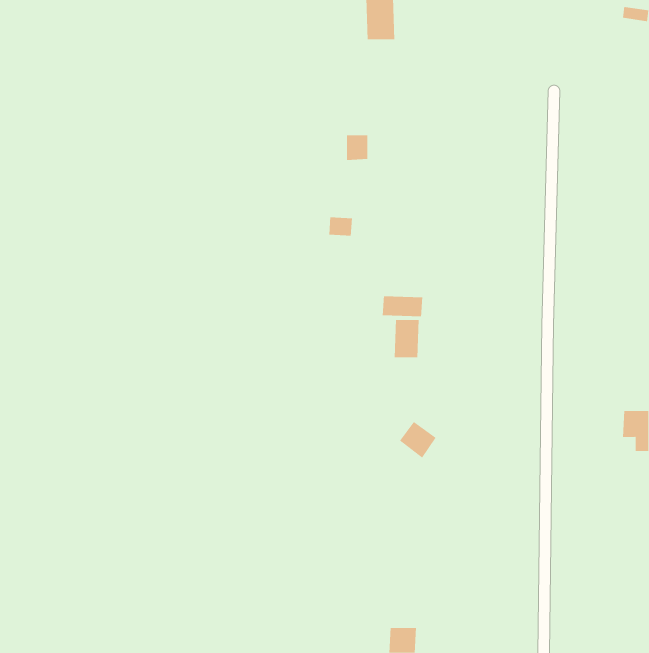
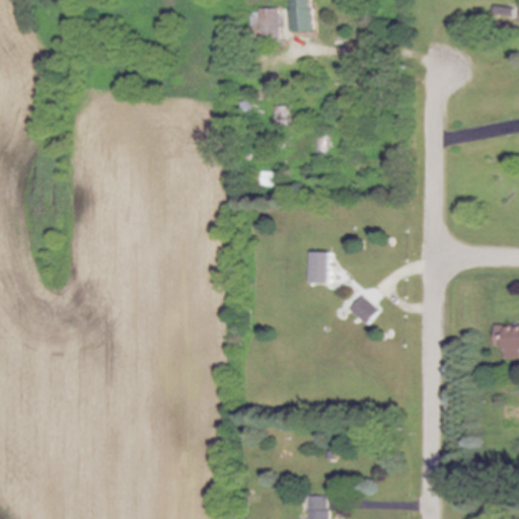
building: none -> [248,9,279,35]
building: [382,295,423,317] -> none
building: [399,421,436,458] -> [349,296,378,325]

